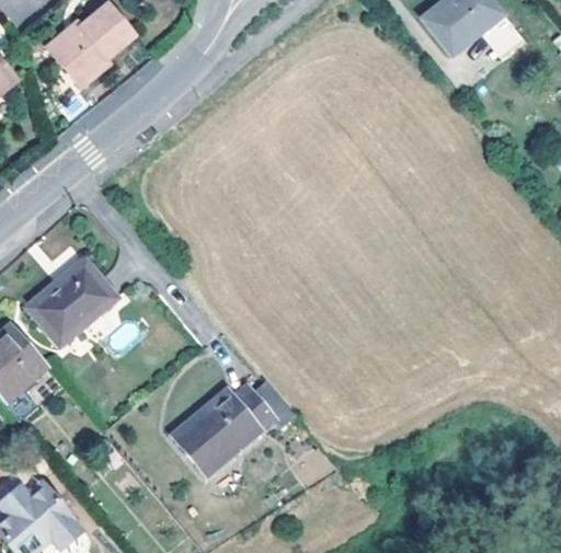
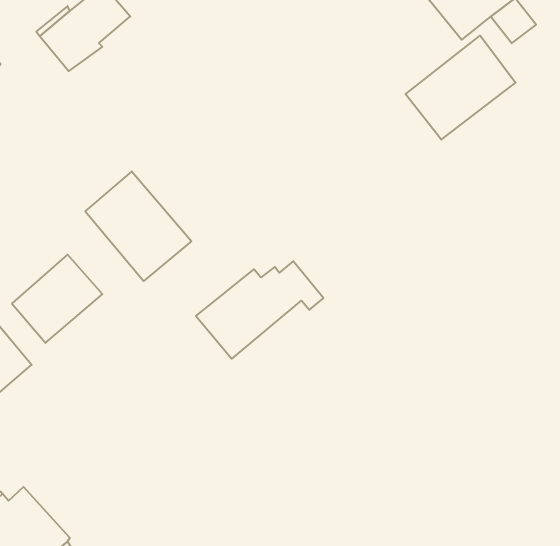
building: none -> [406,36,516,140]
building: none -> [85,171,191,281]
building: [172,379,293,471] -> [196,261,323,359]

